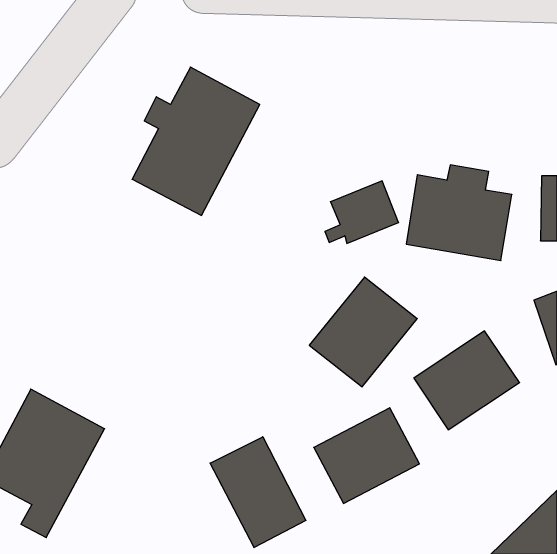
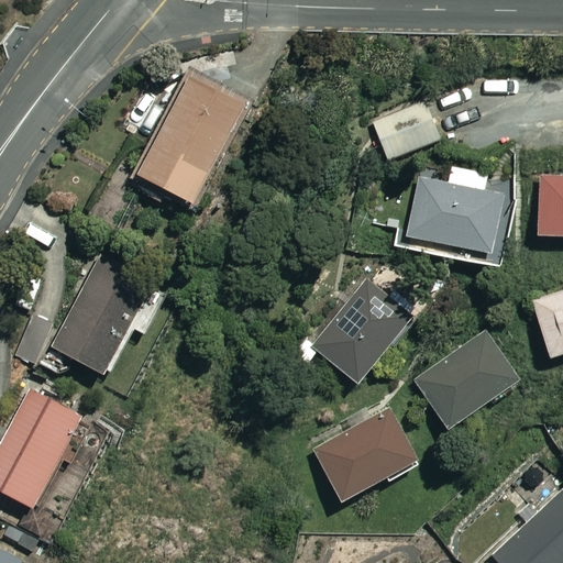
building: [325,181,399,243] -> [365,96,439,158]
building: none -> [49,254,169,385]
building: [210,437,306,548] -> none

